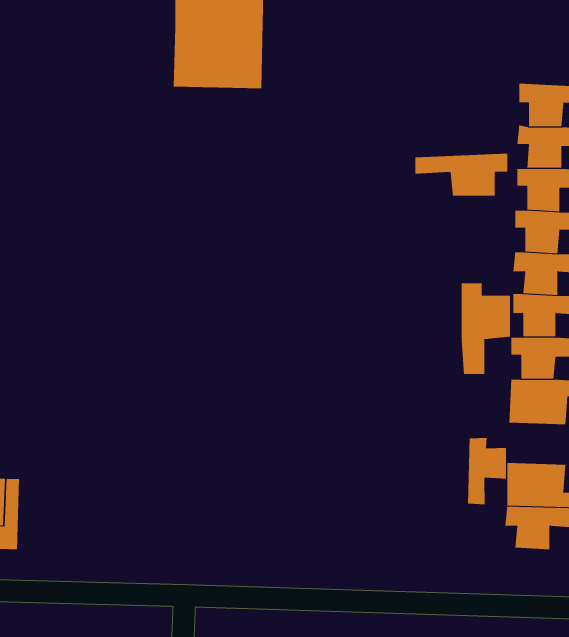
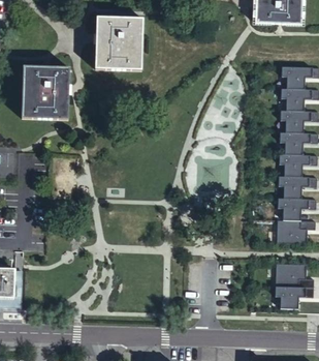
building: none -> [23,65,69,118]
building: [415,153,508,197] -> none
building: [461,282,510,375] -> none
building: [467,437,506,505] -> none

